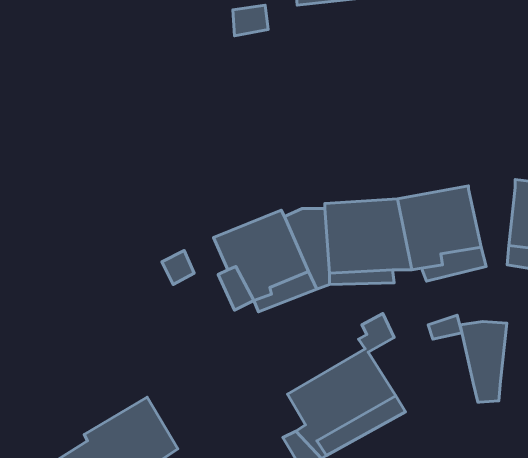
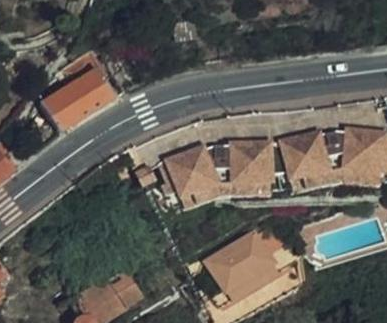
building: none -> [43,53,114,130]
building: [460,322,507,402] -> [321,131,350,181]

